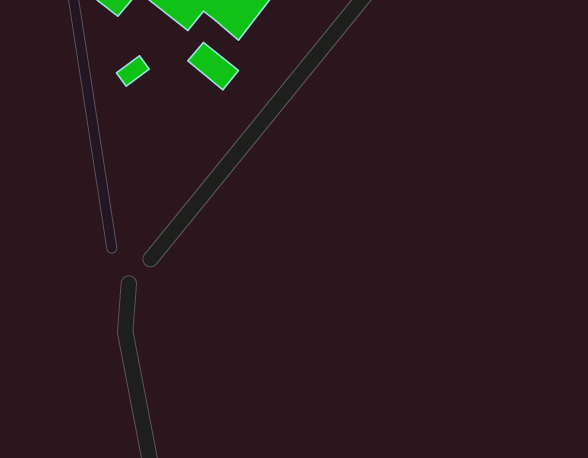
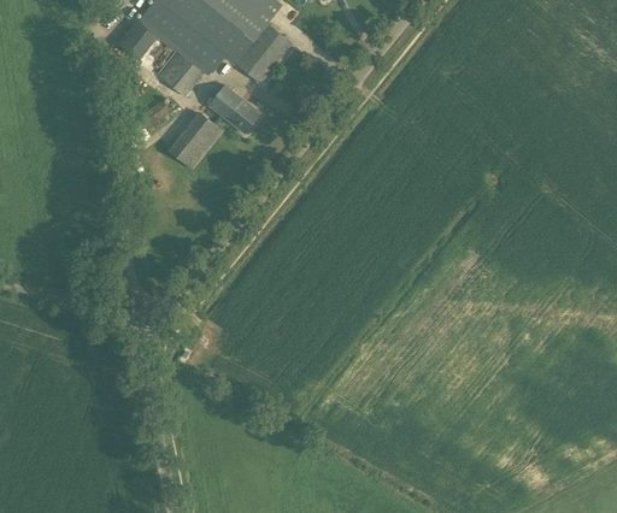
building: none -> [158,52,204,96]
building: none -> [168,112,223,170]

